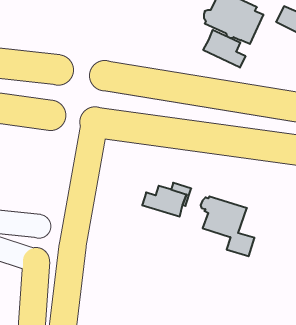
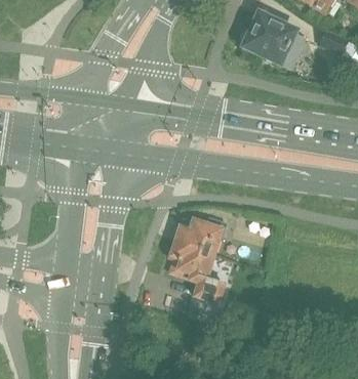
building: [203,30,245,68] -> none
building: [201,196,255,256] -> [166,238,224,301]

